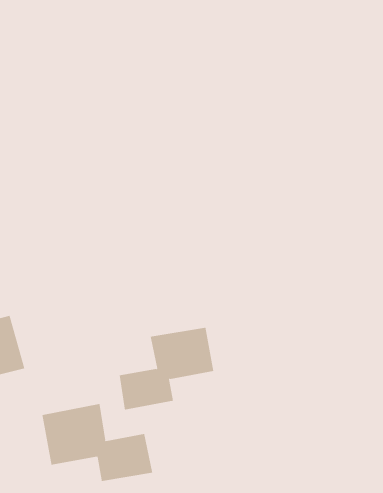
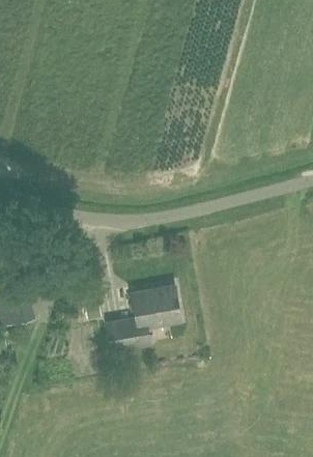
building: [42,403,153,482] -> none

